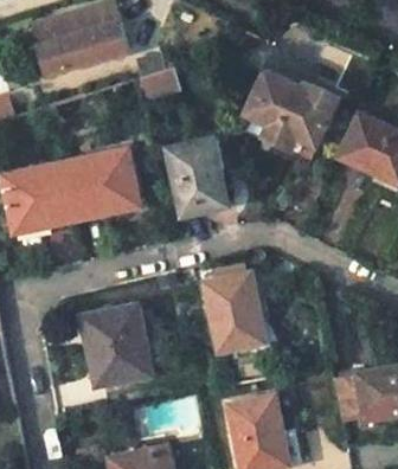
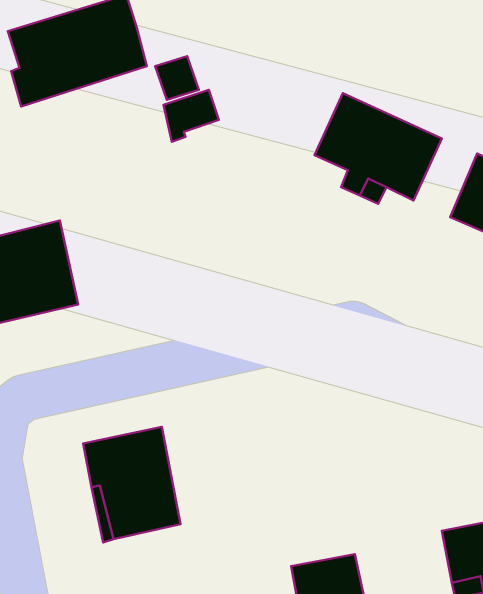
building: [168,139,229,216] -> none
building: [65,146,142,219] -> none
building: [205,272,265,354] -> none

